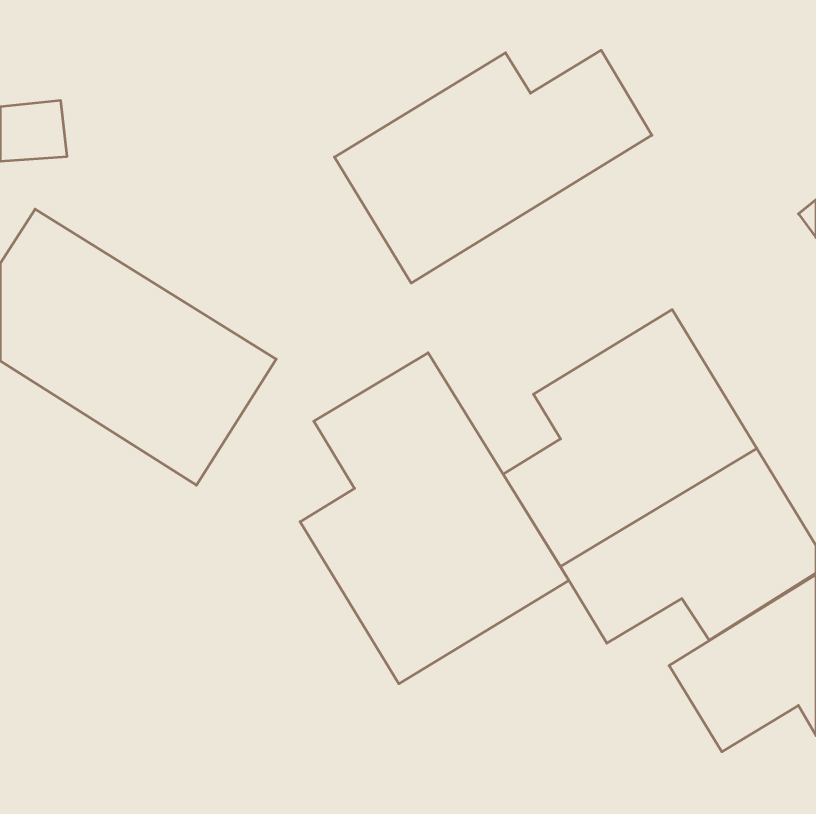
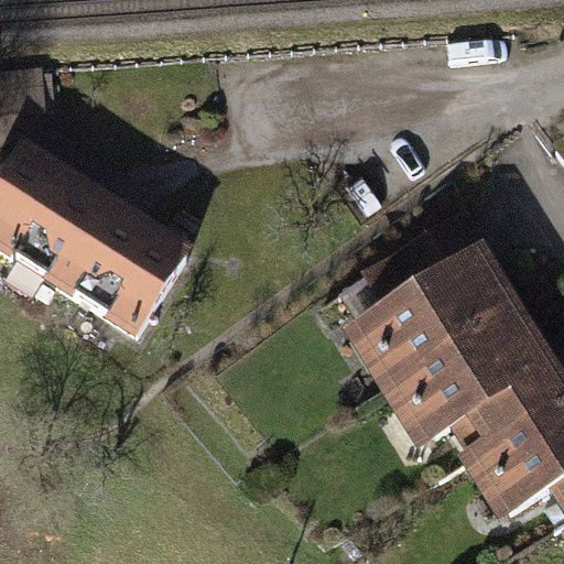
building: [334,50,652,283] -> none
building: [300,353,569,684] -> none

